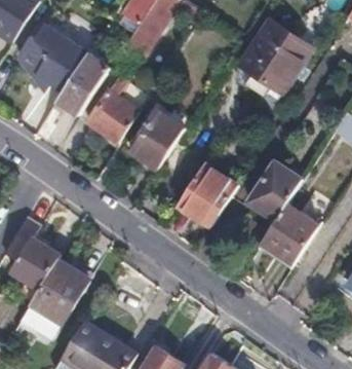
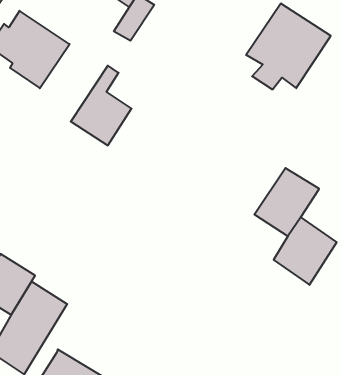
building: [57,51,112,113] -> none
building: [130,108,186,169] -> none
building: [177,161,238,227] -> none

